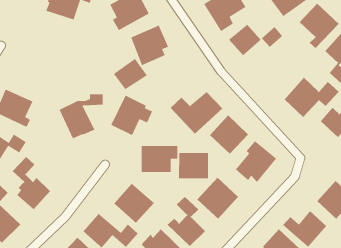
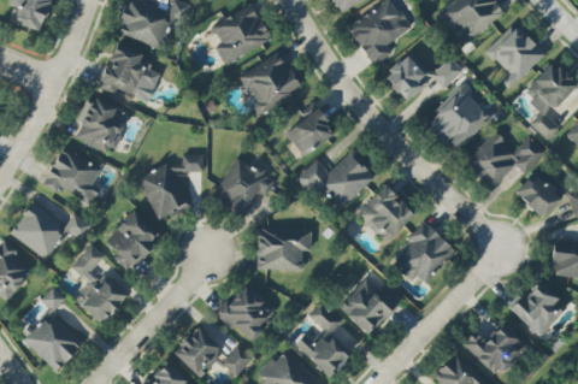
building: none -> [99,42,160,99]
building: none -> [426,85,494,153]
building: none -> [76,95,129,154]
building: [113,58,148,90] -> [285,108,336,155]
building: none -> [106,209,159,270]
building: [178,152,209,179] -> none

